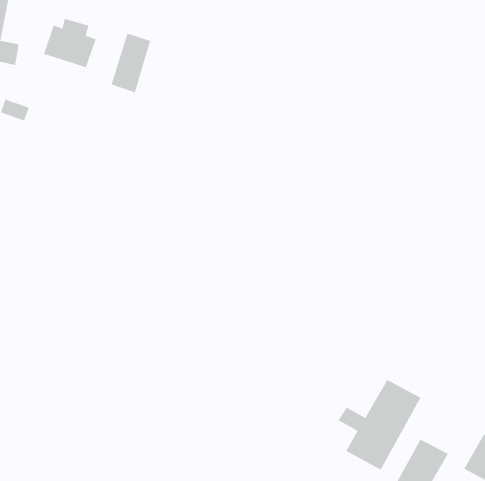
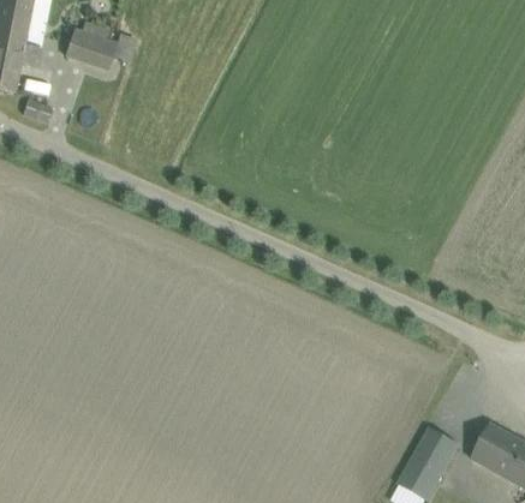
building: [111,33,151,93] -> none
building: [338,379,421,471] -> none

